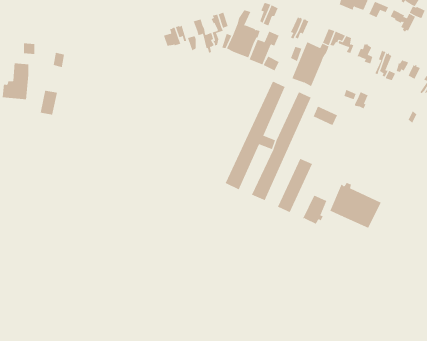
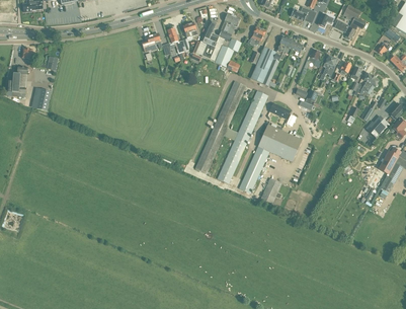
building: [329,182,382,229] -> [258,122,303,161]

